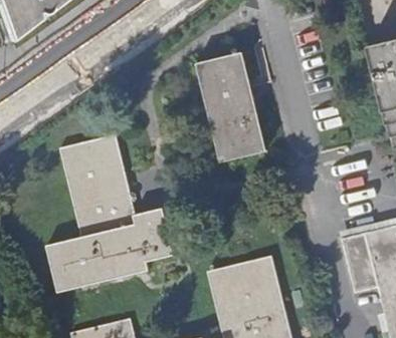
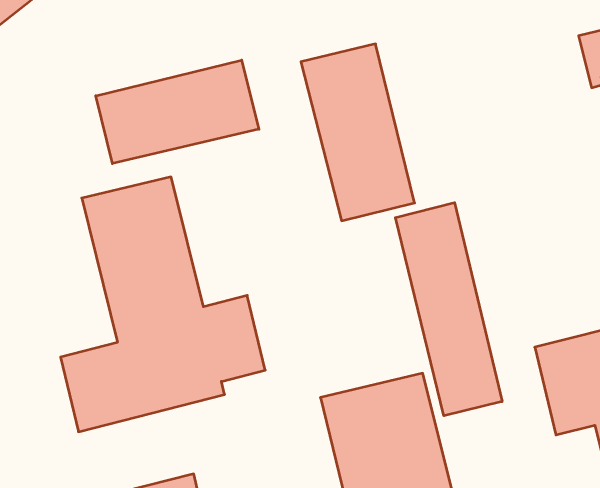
building: none -> [96,60,259,164]
building: none -> [395,203,502,416]

